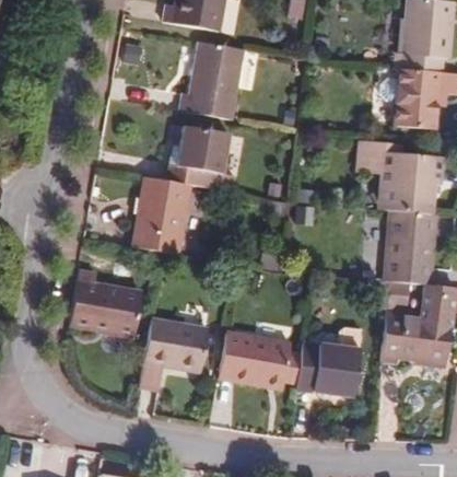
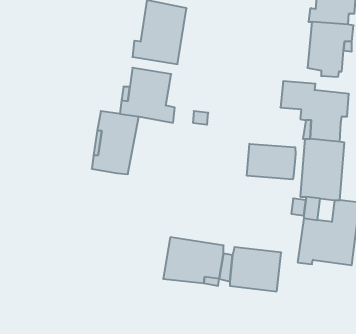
building: none -> [247,144,296,179]
building: [69,269,141,335] -> none
building: [139,319,207,389] -> none

